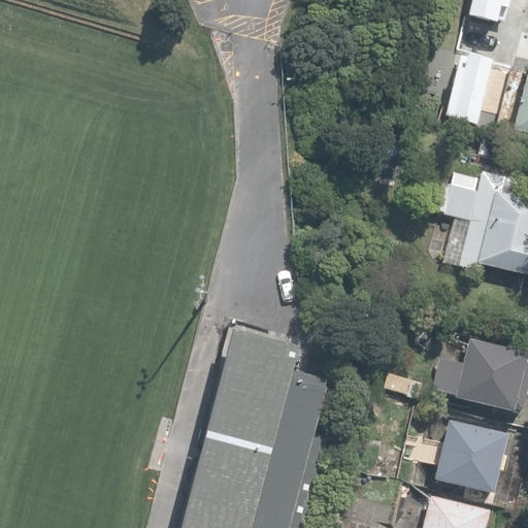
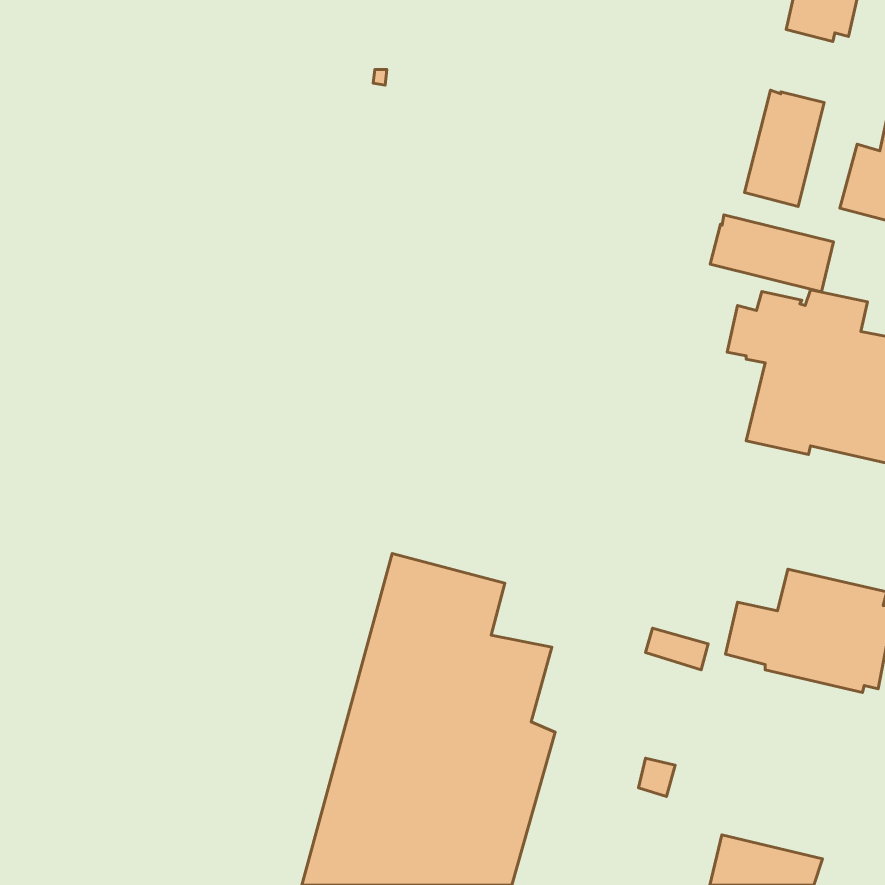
building: none -> [710,215,833,292]
building: [435,422,507,493] -> none

